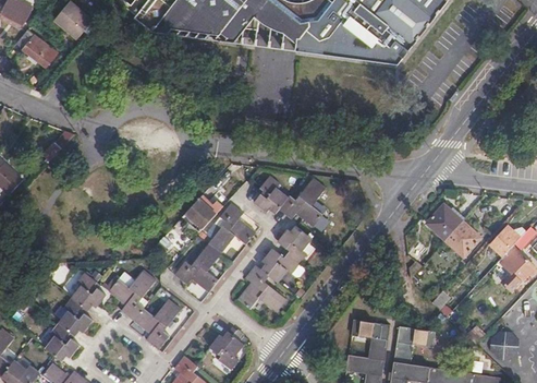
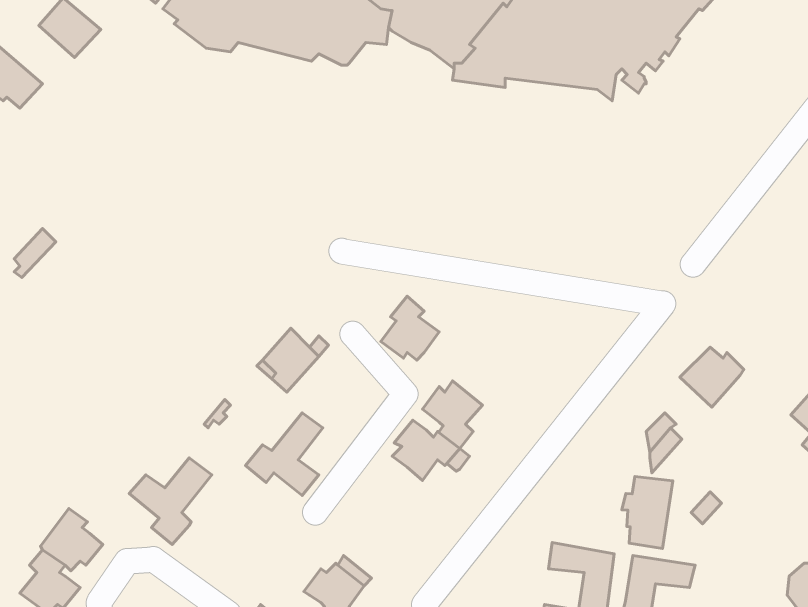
building: [279,179,325,226] -> none
building: [208,203,255,252] -> none
building: [446,222,480,258] -> none
building: [239,264,286,312] -> none
building: [71,273,106,310] -> none
building: none -> [622,476,673,549]
building: [133,299,181,349] -> none

